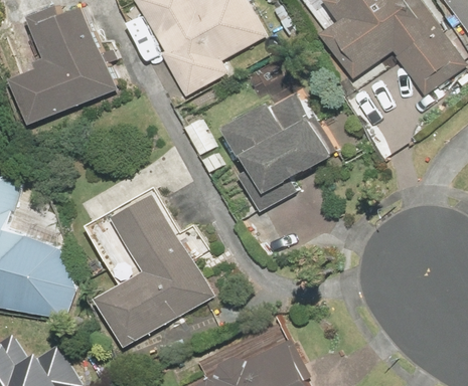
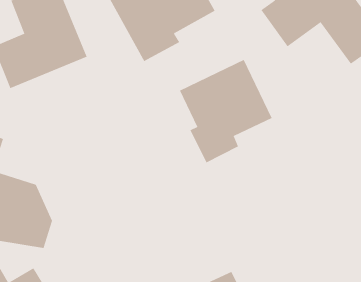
building: [96,198,211,347] -> none

